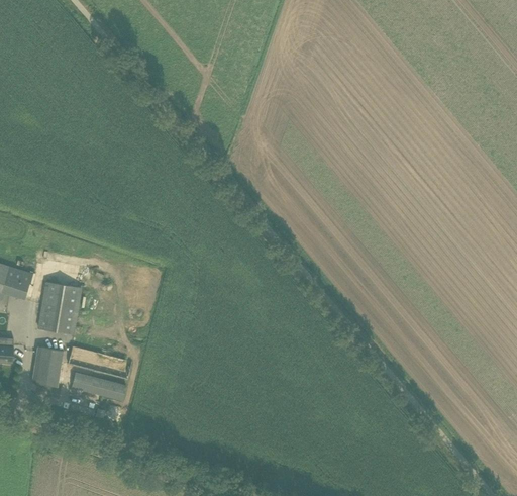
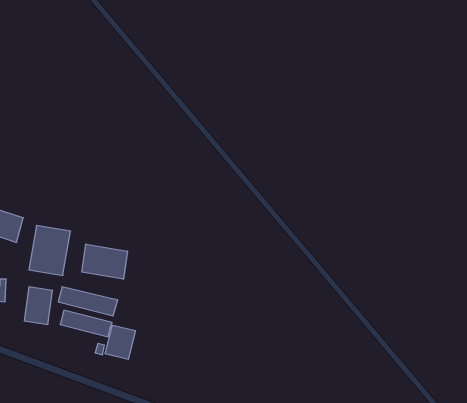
building: none -> [82,244,128,279]
building: none -> [105,325,136,359]

